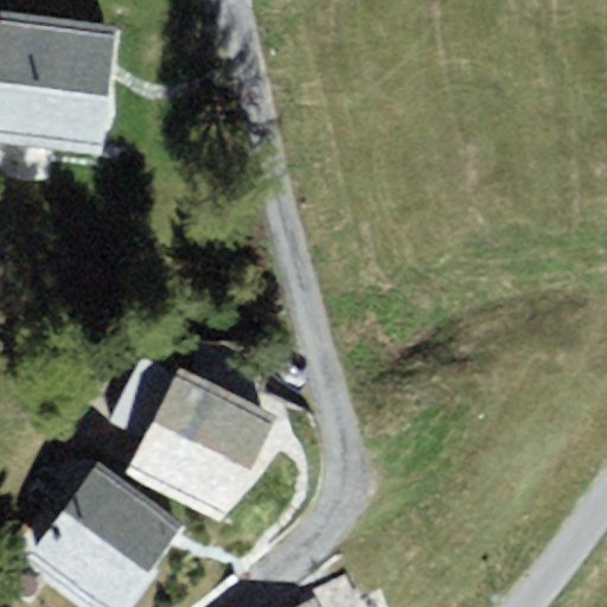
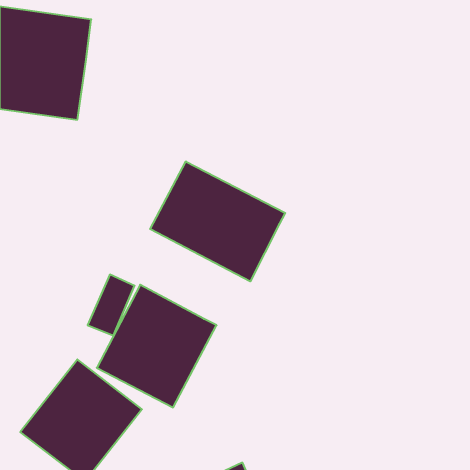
building: none -> [150,161,285,281]

